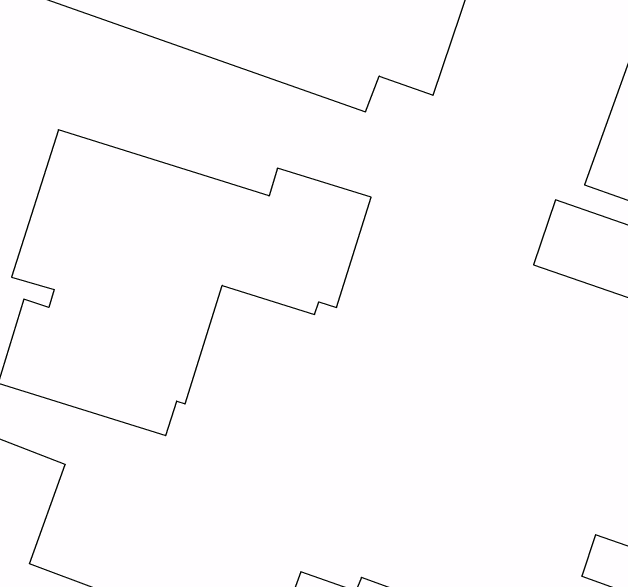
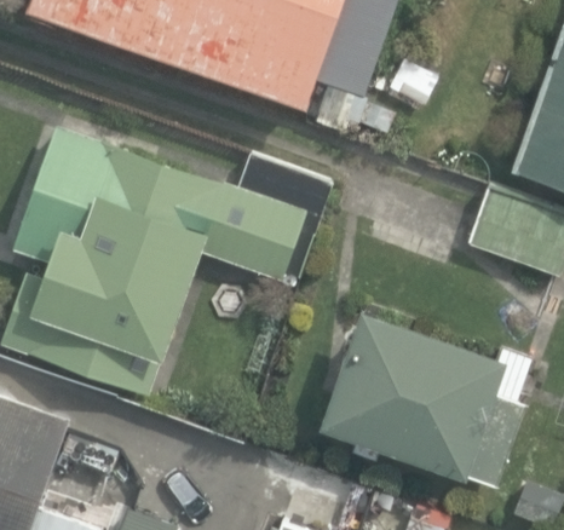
building: none -> [322,312,524,489]

